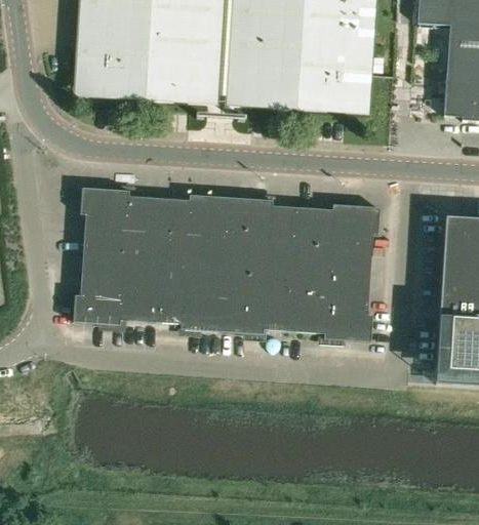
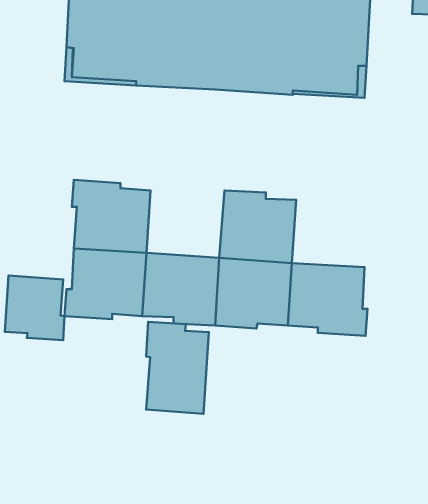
building: [155,195,232,265] -> none
building: [298,204,381,274] -> none
building: none -> [5,276,64,340]
building: none -> [146,322,209,414]

